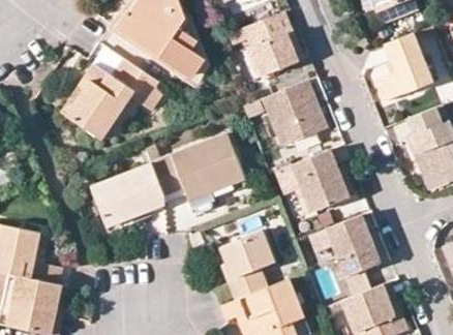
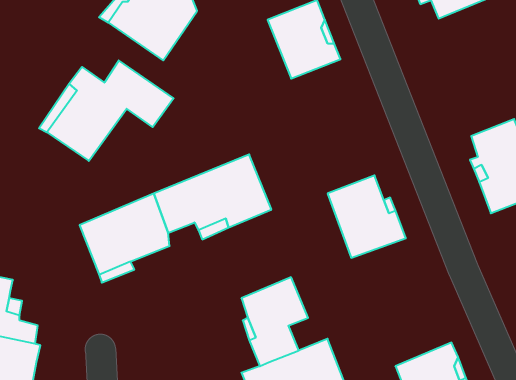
building: [159,20,201,78] -> none
building: [370,33,428,101] -> none
building: [262,81,324,148] -> none
building: [324,216,376,277] -> none

